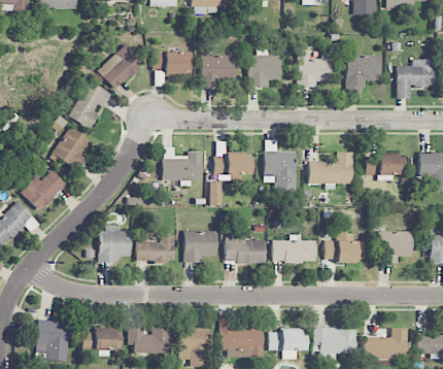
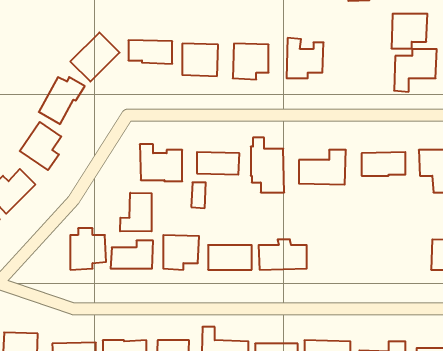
building: [347,56,380,88] -> [391,14,427,48]
building: none -> [120,193,152,231]
building: [379,232,412,264] -> none
building: [325,233,365,263] -> none

